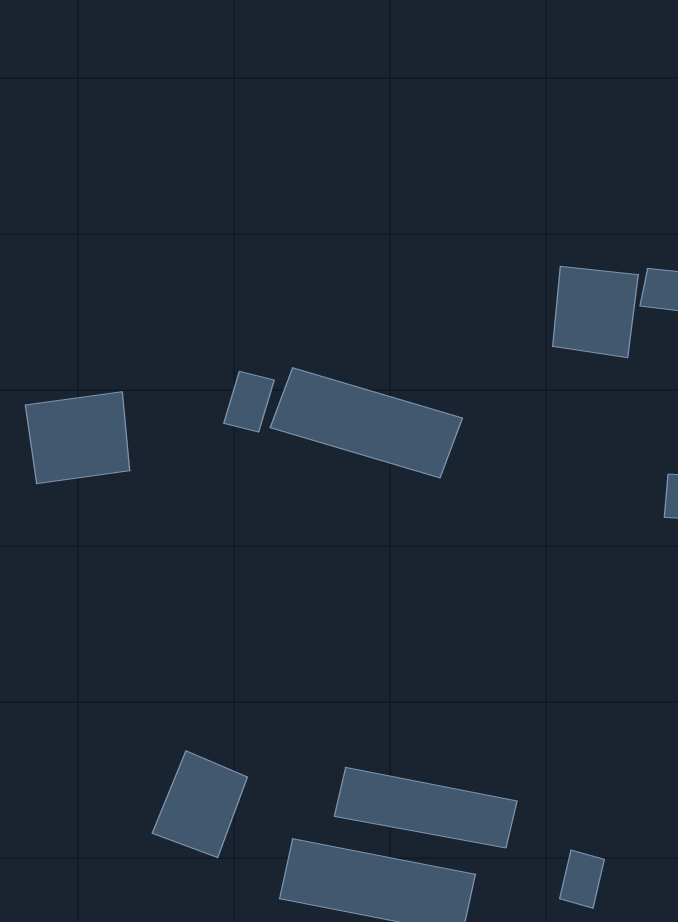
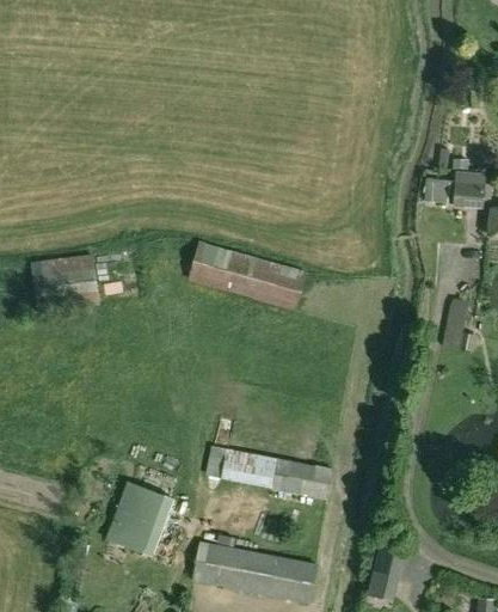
building: [553,266,638,358] -> none
building: [224,371,274,432] -> none
building: [334,767,517,848] -> [215,447,332,498]

